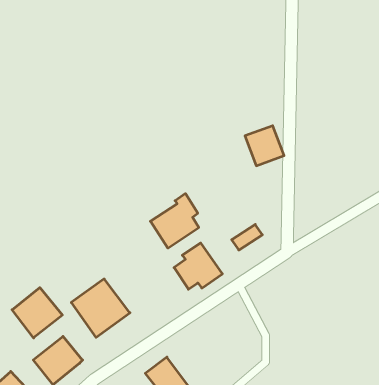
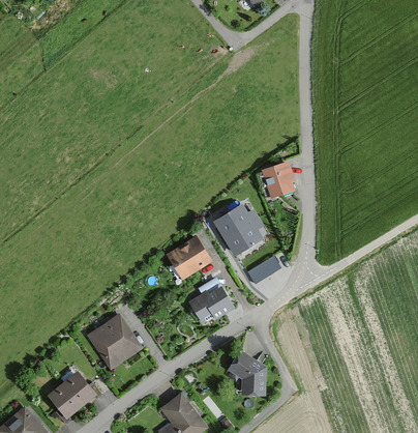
building: none -> [212,205,261,256]
building: [12,288,62,338] -> none
building: none -> [228,352,263,394]

